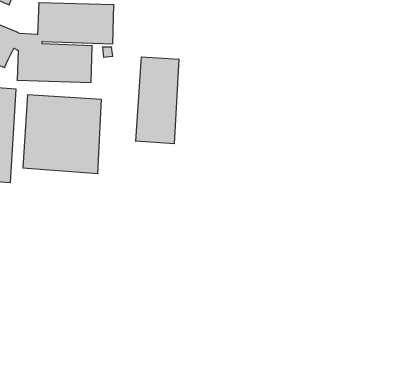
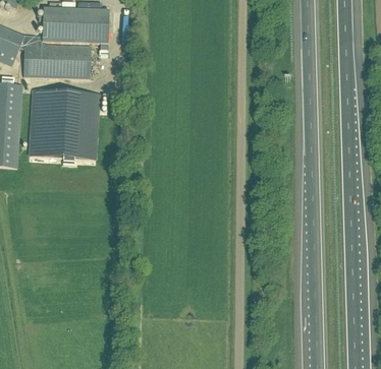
building: [136,57,179,144] -> none

